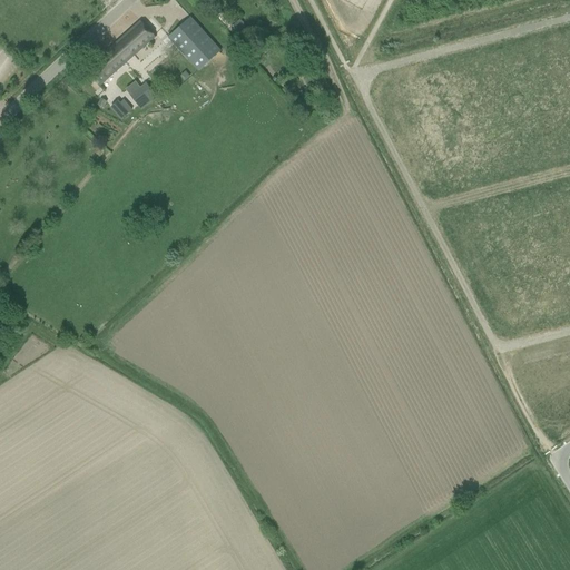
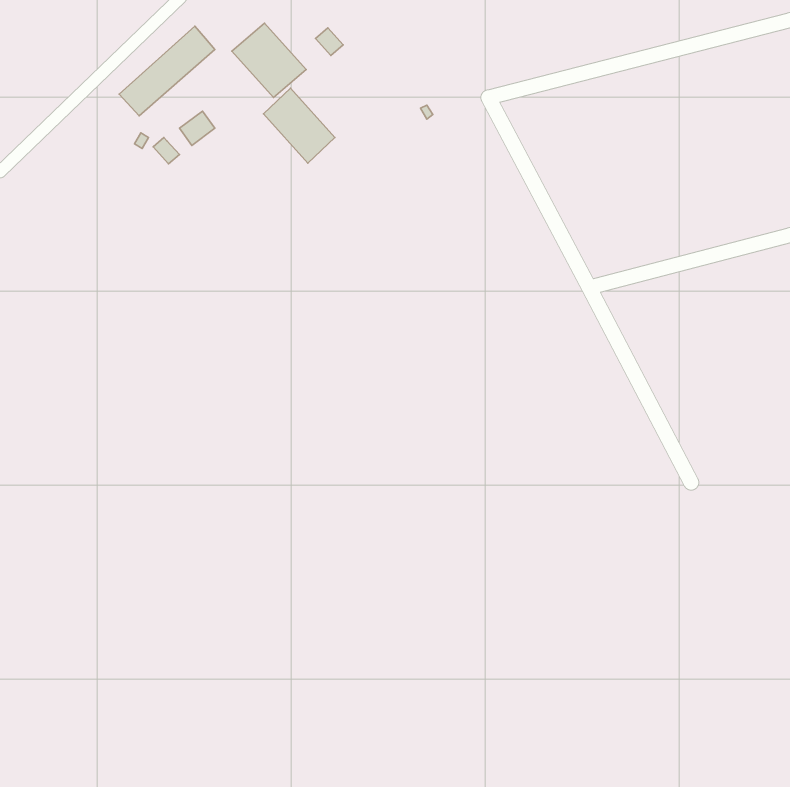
building: none -> [263,88,335,163]

